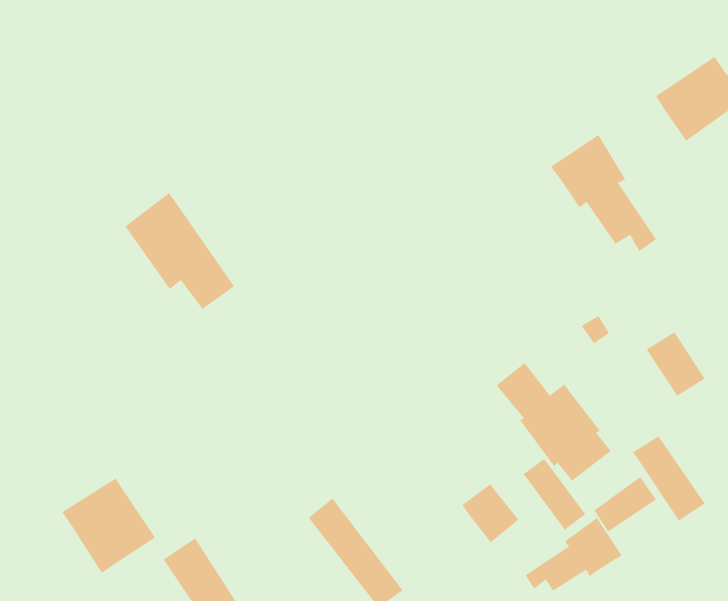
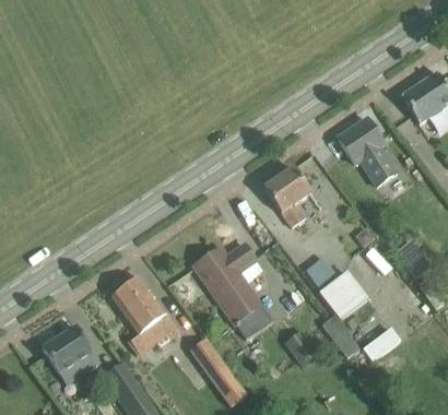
building: [124,192,235,310] -> [110,275,177,346]
building: none -> [262,166,309,226]
building: none -> [193,244,270,339]
building: [632,435,706,522] -> none
building: [525,517,623,592] -> none

